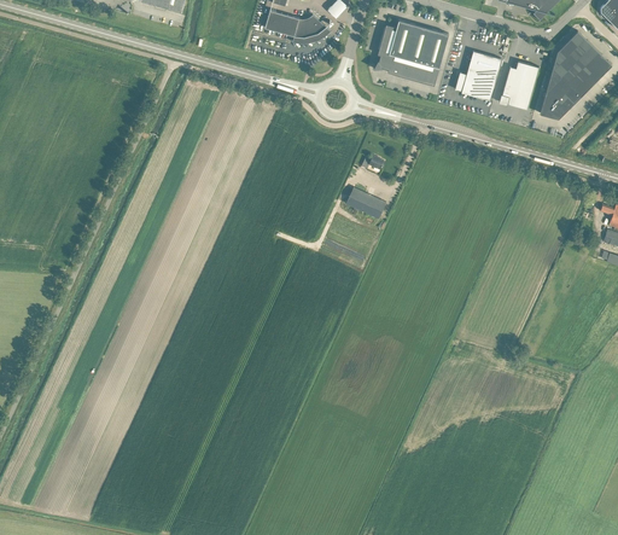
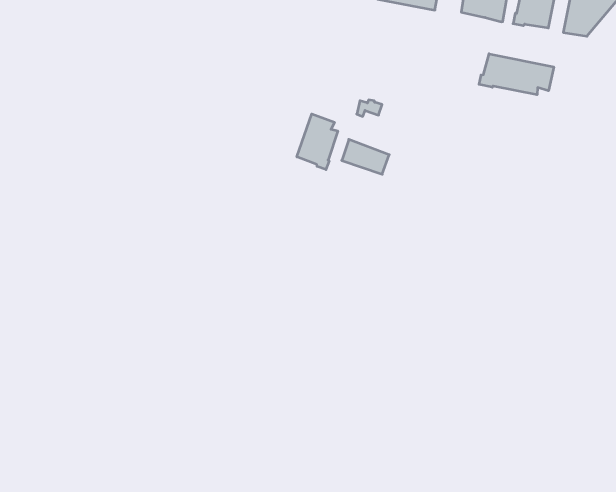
building: none -> [479,54,554,95]
building: none -> [297,114,338,170]

